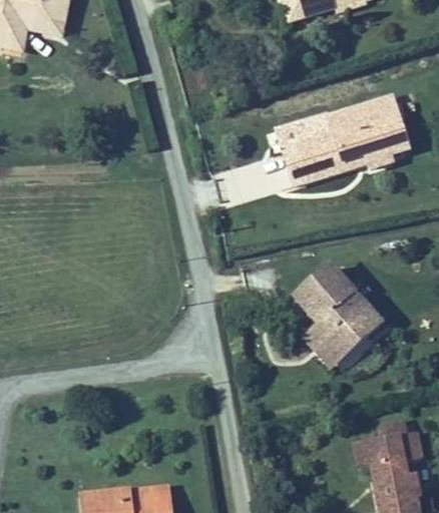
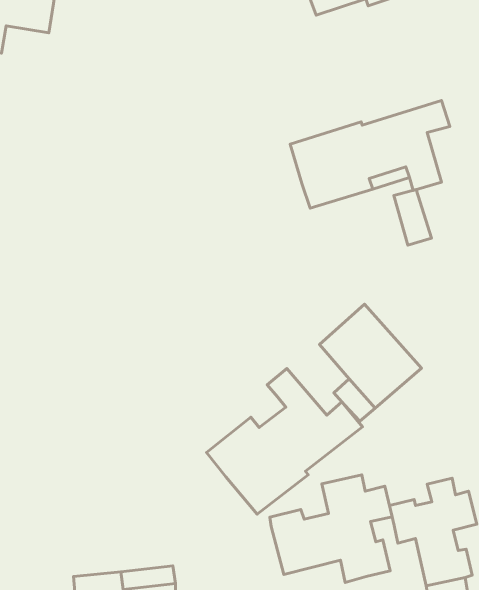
building: [384,114,416,161] -> [394,190,432,245]
building: none -> [207,368,362,514]
building: none -> [270,475,392,582]

